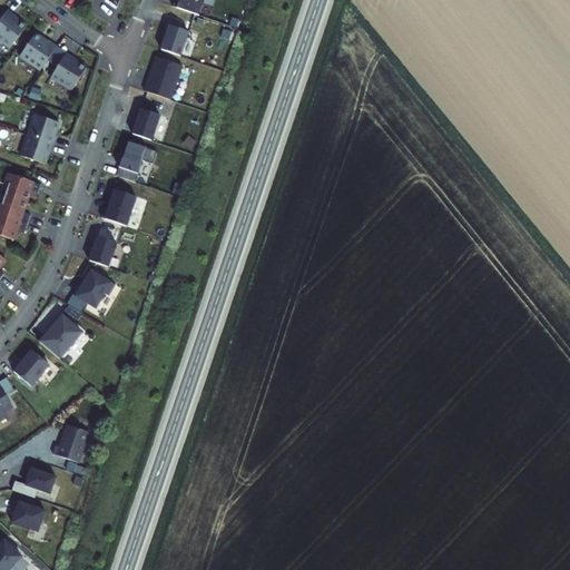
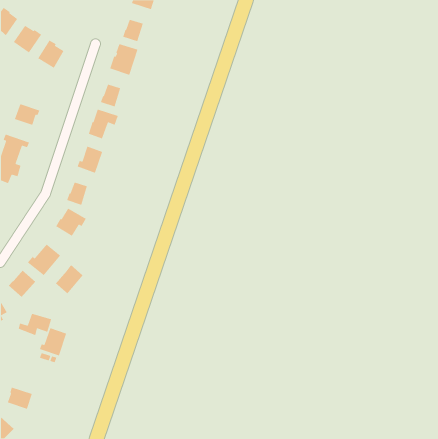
building: [28,112,59,142] -> none
building: none -> [55,264,84,295]
building: [11,466,56,497] -> [18,313,52,336]

